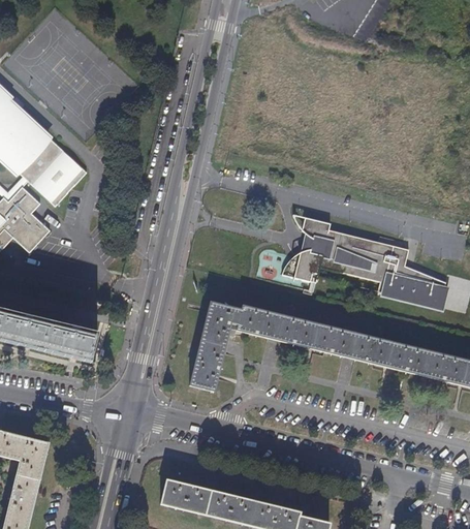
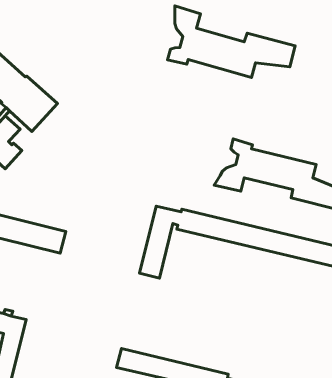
building: none -> [168,6,295,77]

